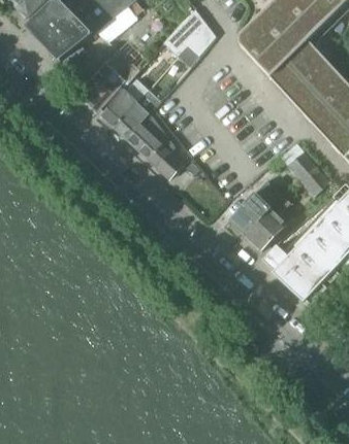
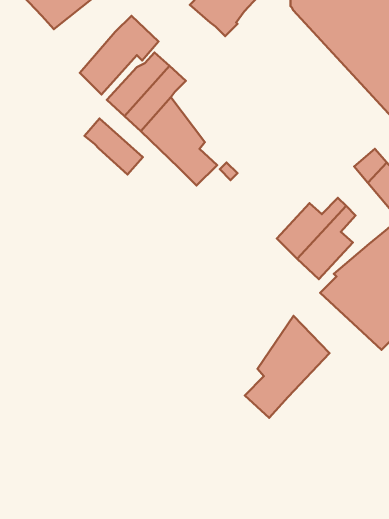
building: none -> [84,119,143,174]
building: none -> [245,316,329,418]

